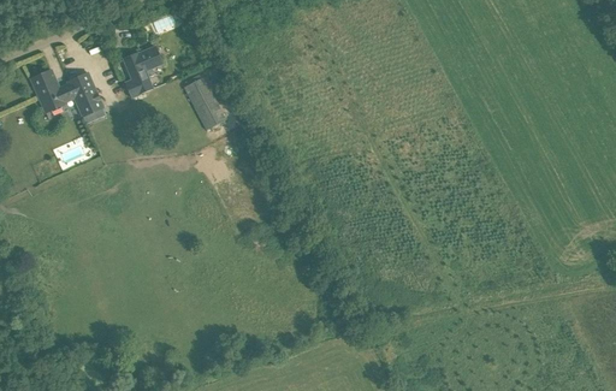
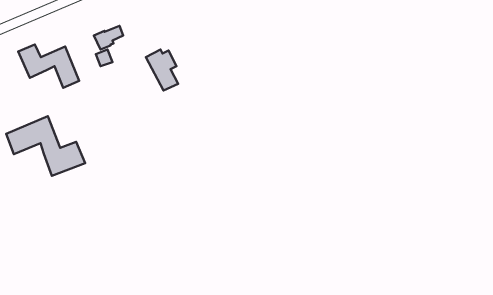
building: none -> [6,116,85,176]

